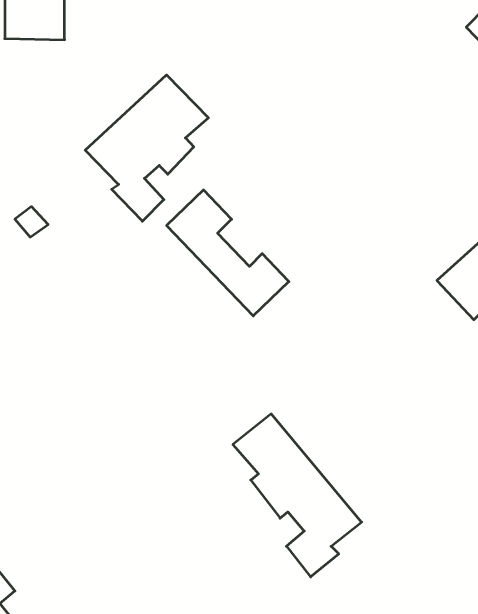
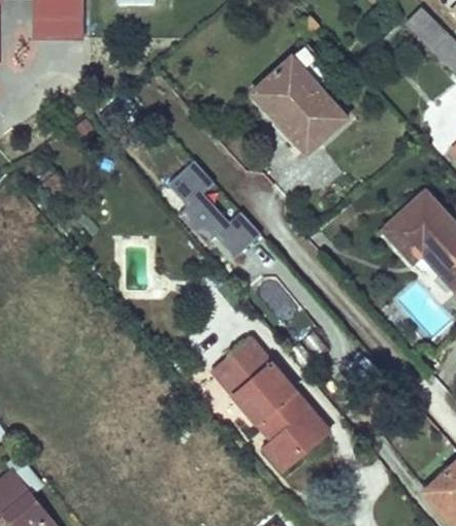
building: none -> [261,60,347,154]
building: [85,75,208,221] -> none

